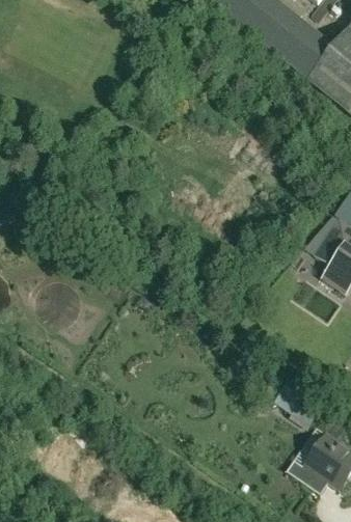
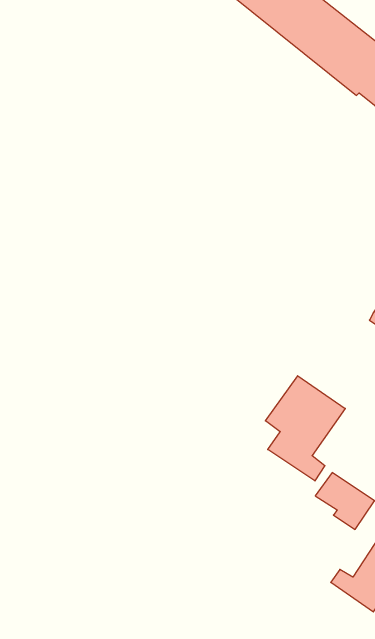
building: none -> [265,376,345,481]

